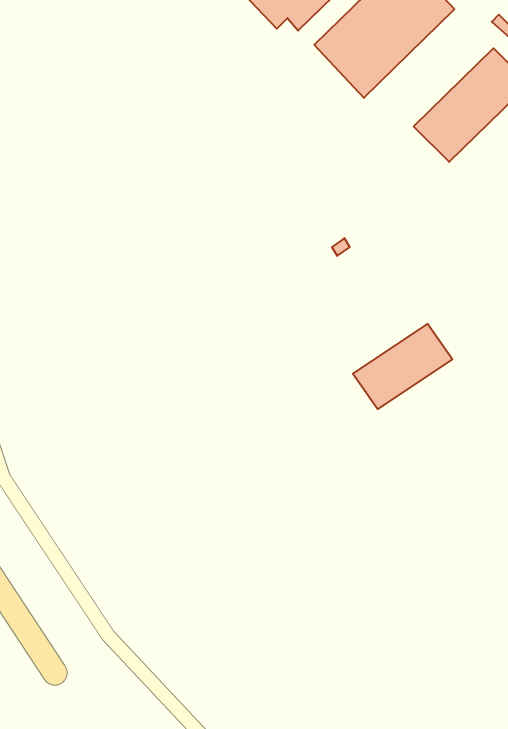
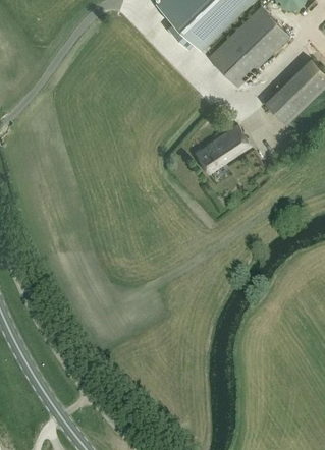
building: [353,324,452,409] -> [195,123,252,172]

